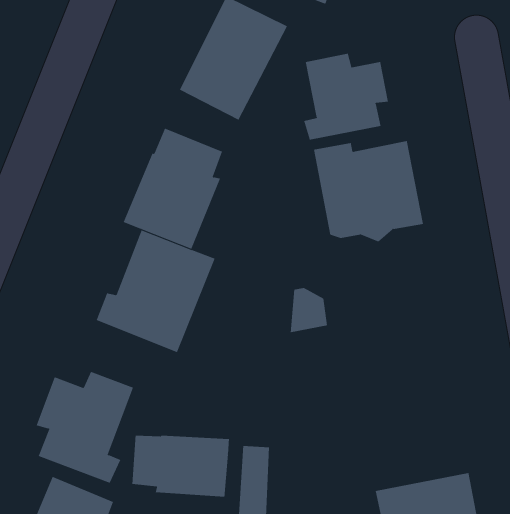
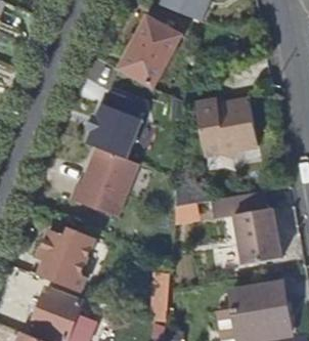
building: [304,53,388,140] -> none
building: none -> [210,190,280,264]
building: [132,435,230,497] -> none

